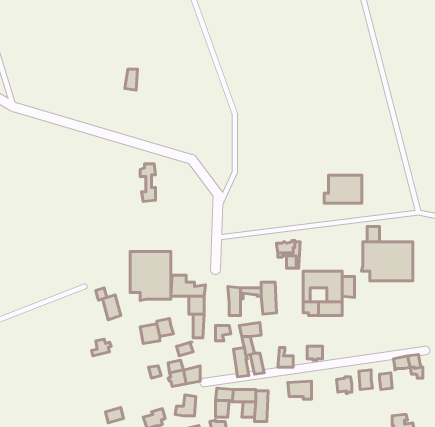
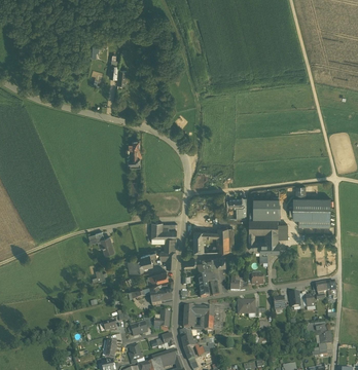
building: [324,175,362,203] -> [250,197,278,218]
building: [130,251,171,300] -> none

